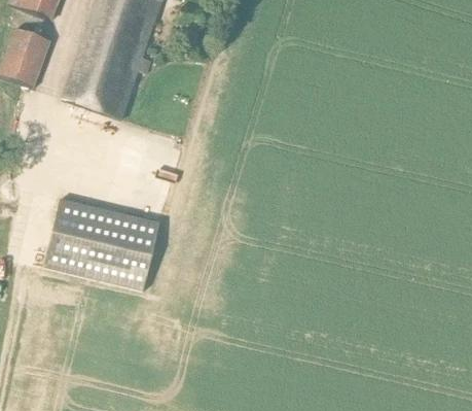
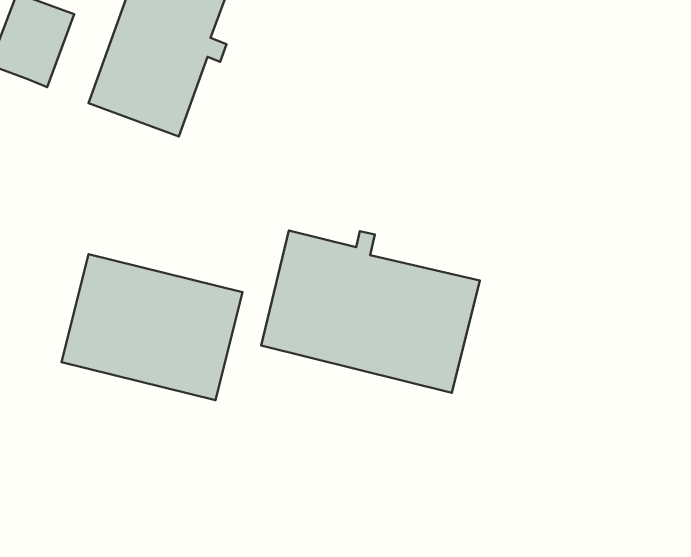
building: none -> [261,231,480,393]

